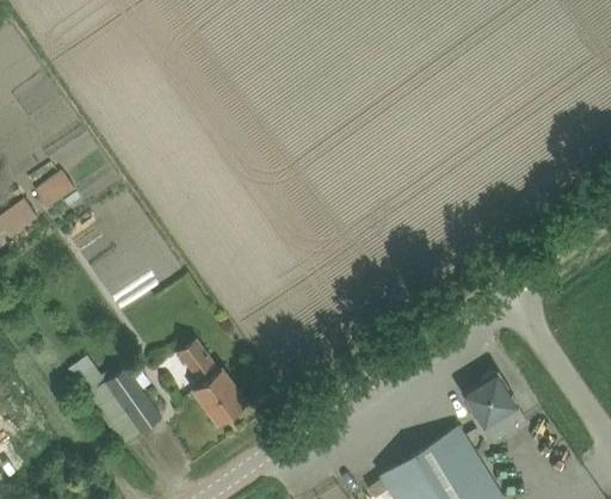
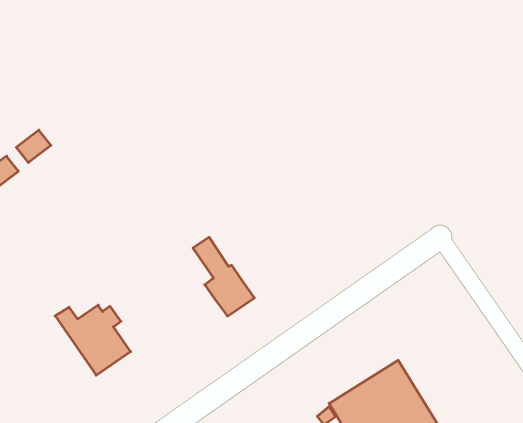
building: [179,338,247,425] -> [193,237,254,316]
building: [462,371,526,443] -> none

